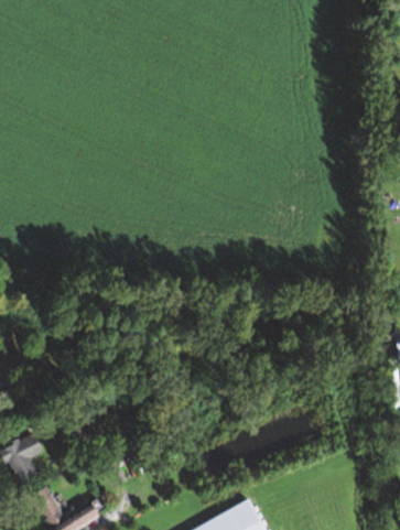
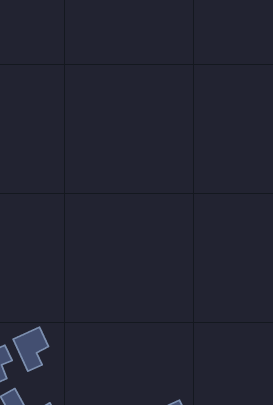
building: none -> [13,327,49,371]

